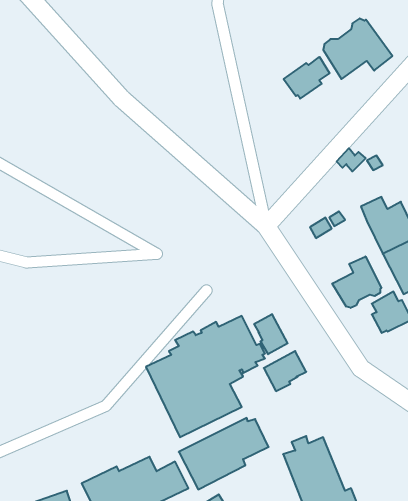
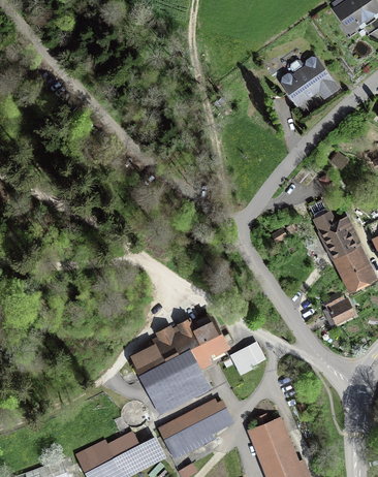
building: [284,57,330,99] -> none
building: [332,256,381,308] -> none
building: [254,314,288,354] -> none

